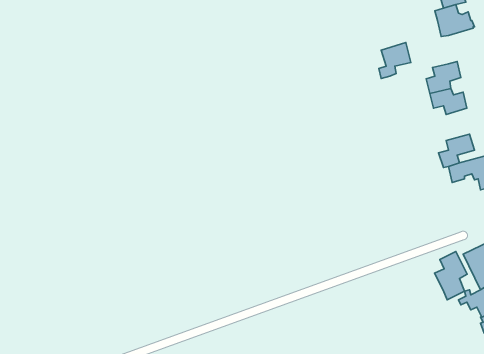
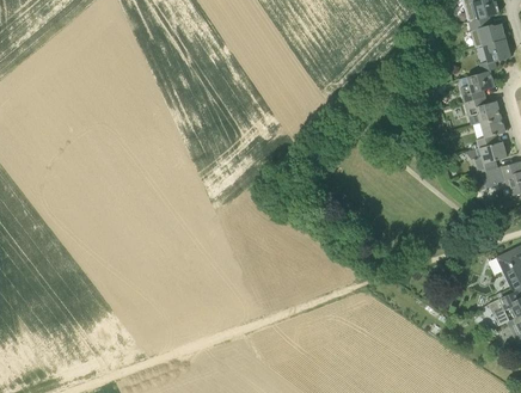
building: [379,43,411,78] -> [479,38,510,73]
building: none -> [476,116,504,147]
building: [434,252,467,300] -> none

